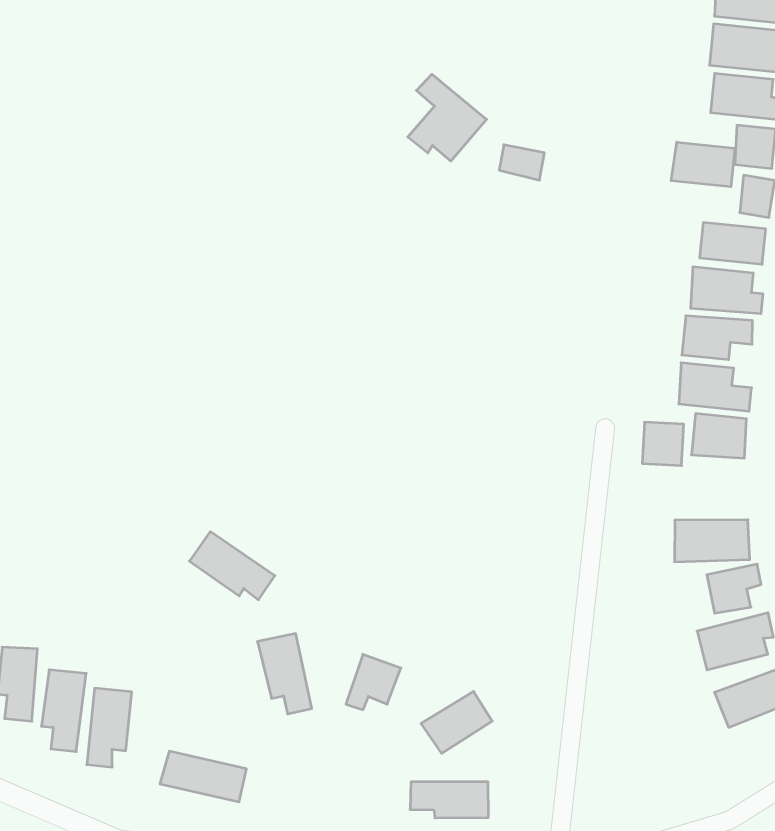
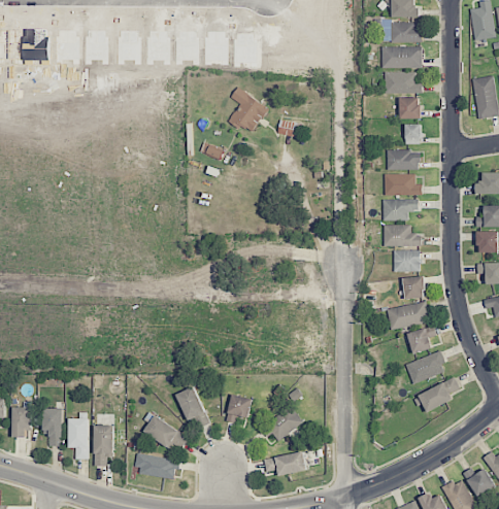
building: [671,142,735,187] -> none
building: [642,422,684,466] -> [403,276,425,299]
building: [189,532,275,600] -> [143,416,189,449]

